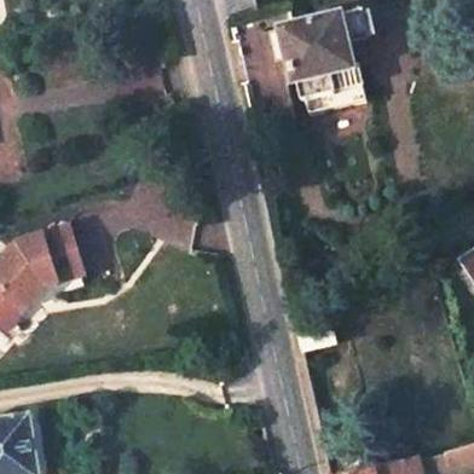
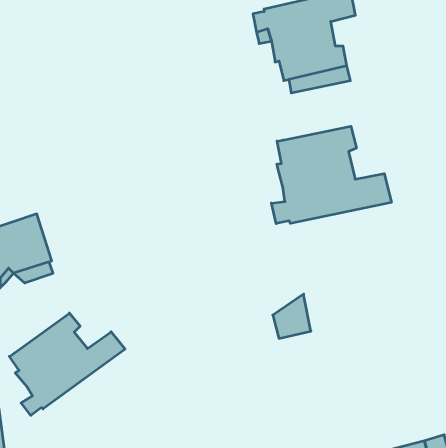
building: none -> [271,126,391,224]
building: none -> [9,313,125,415]

